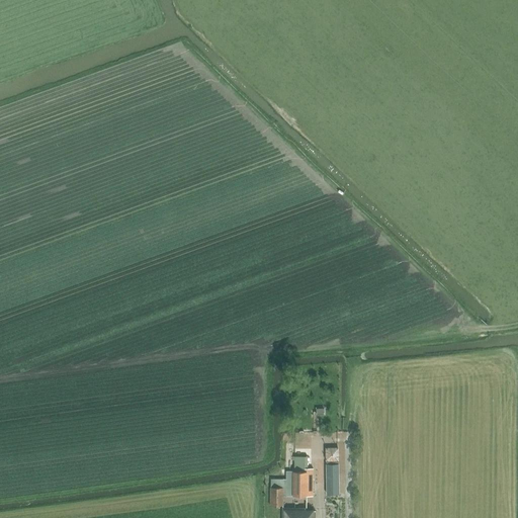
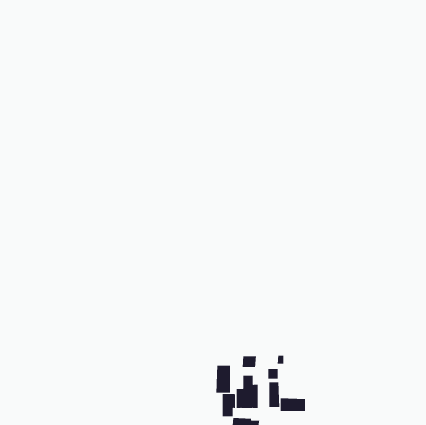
building: none -> [216,365,230,393]
building: none -> [280,397,306,412]

